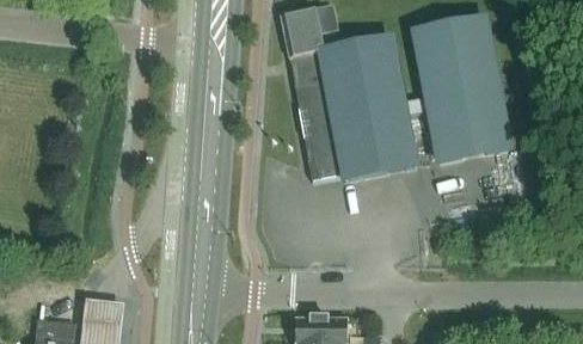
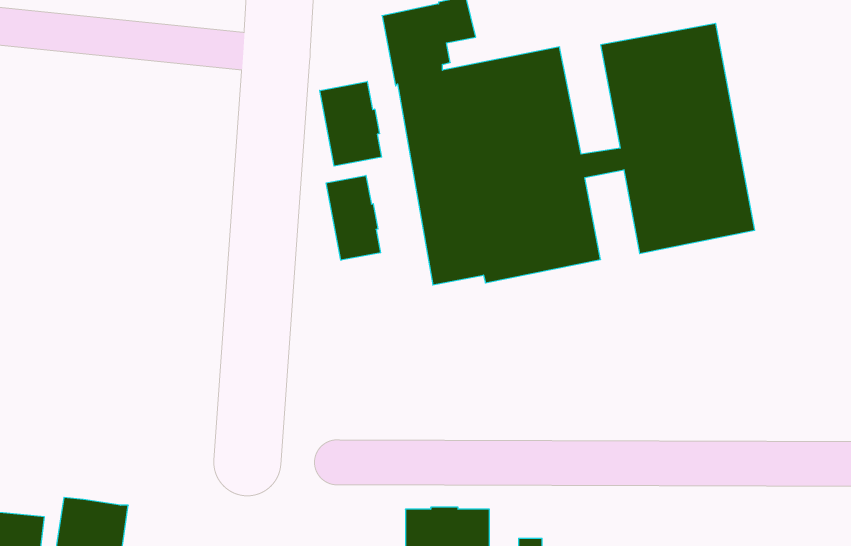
building: none -> [320,81,382,166]
building: none -> [326,175,381,260]

